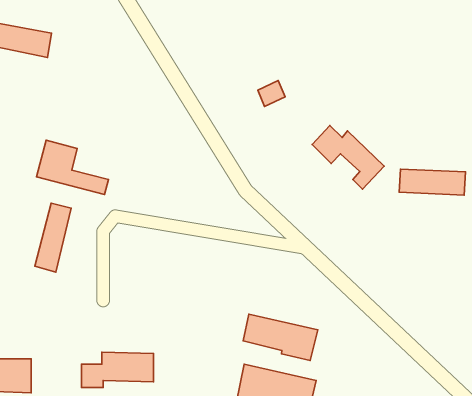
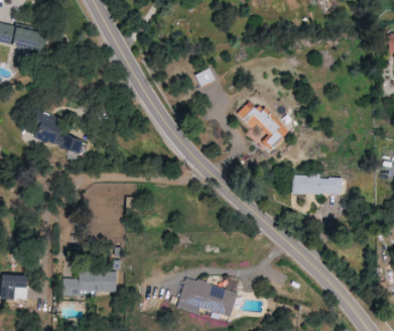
building: [399,169,466,195] -> [293,176,343,195]
building: [35,203,71,272] -> none
building: [243,314,318,360] -> none

